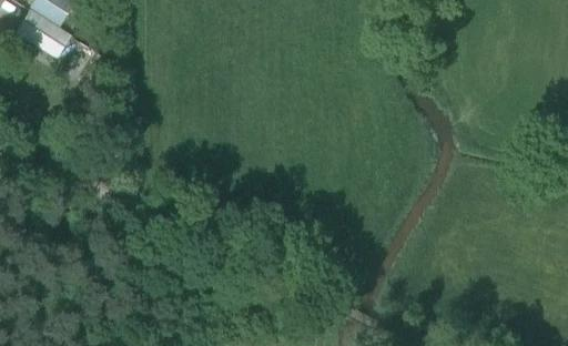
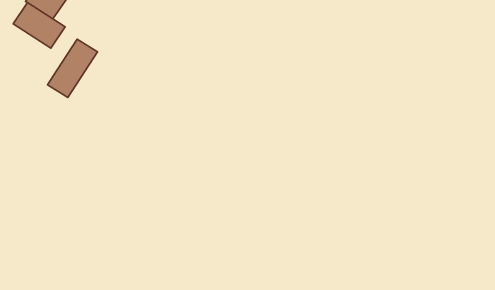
building: none -> [48,39,98,97]

